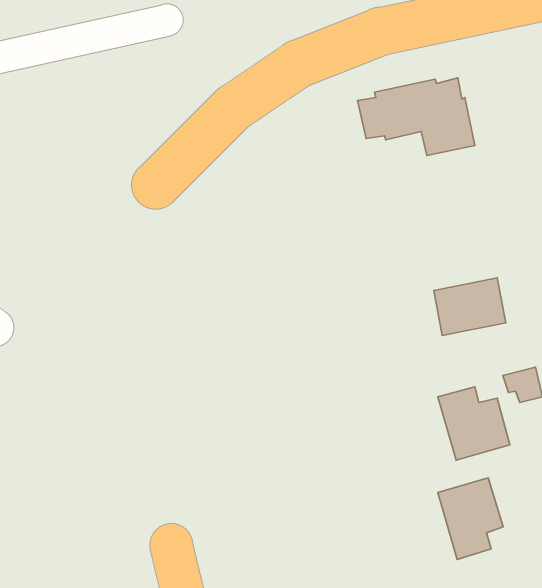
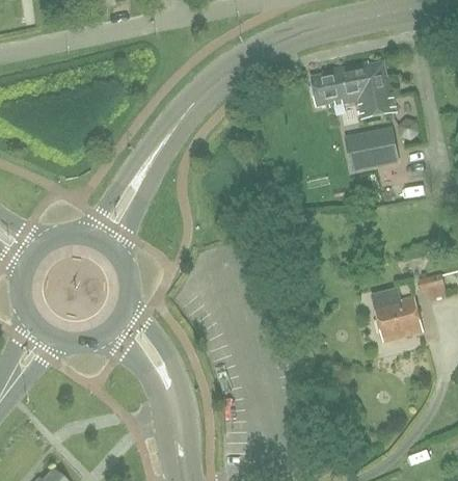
building: [434,278,506,336] -> [345,128,398,170]
building: [438,478,503,560] -> none

